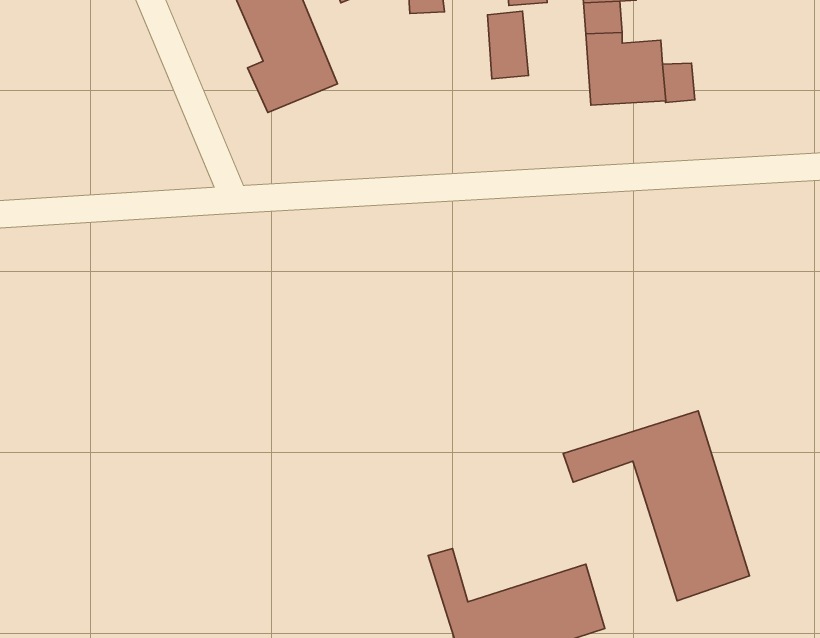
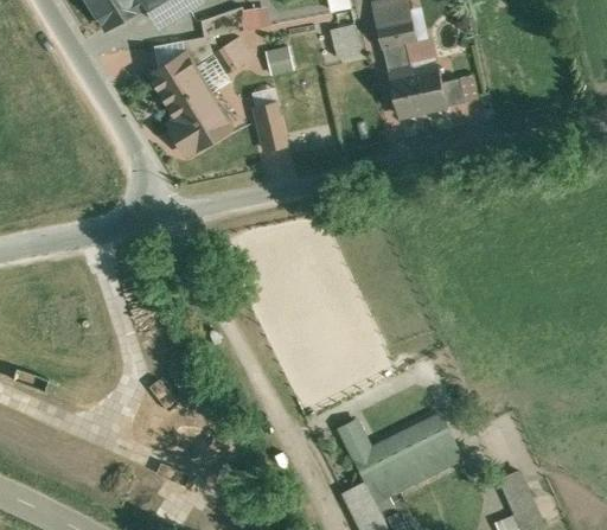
building: [487,11,529,79] -> [255,102,288,149]
building: [563,411,750,601] -> none

